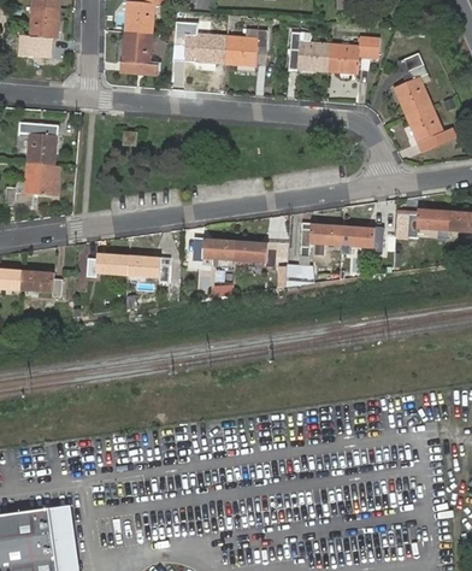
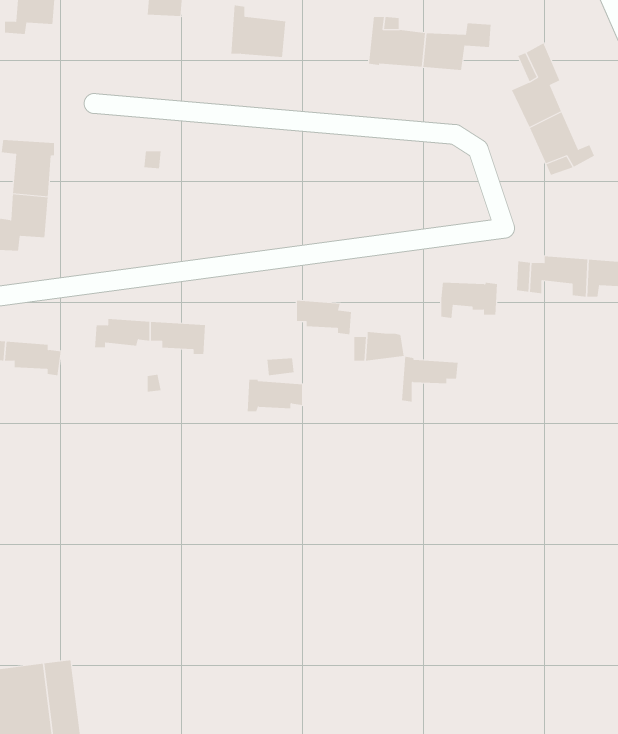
building: [225,29,266,65] -> none
building: [120,31,157,73] -> none
building: [300,223,342,257] -> [401,356,459,402]
building: [194,237,235,261] -> [247,379,303,412]

